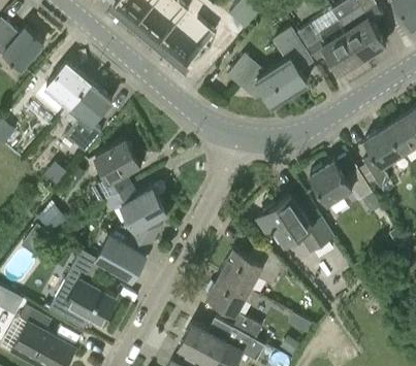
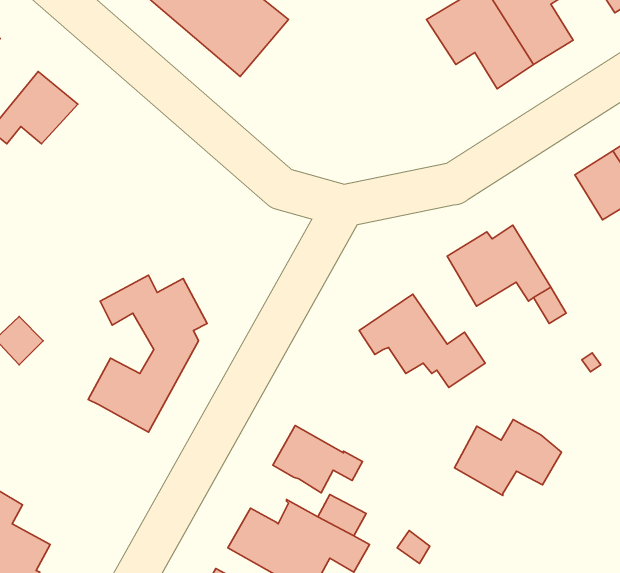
building: [227,28,314,106] -> none
building: [61,84,111,154] -> none
building: [363,126,403,188] -> none
building: [94,140,139,201] -> none
building: [219,246,283,292] -> [454,419,562,495]
building: [49,252,117,332] -> none

